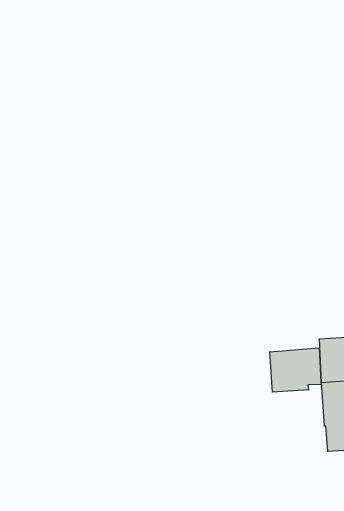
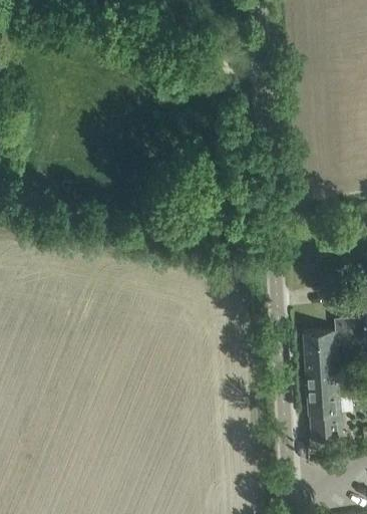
building: [270,348,321,392] -> none

